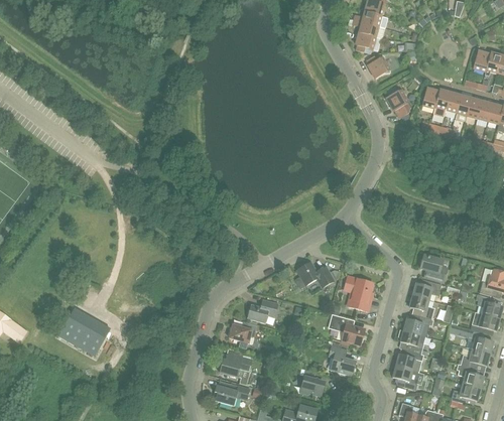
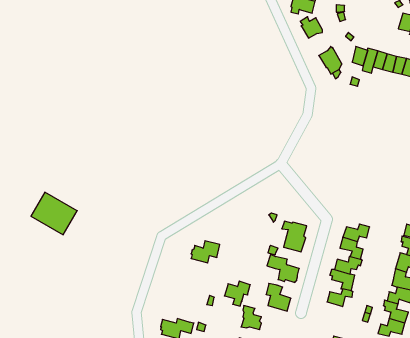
building: [420,254,447,282] -> none
building: [296,261,334,286] -> none
building: [59,308,110,355] -> [31,192,77,235]
building: [229,320,257,347] -> [224,281,250,306]
building: [220,352,252,377] -> none
building: [392,365,418,389] -> none

